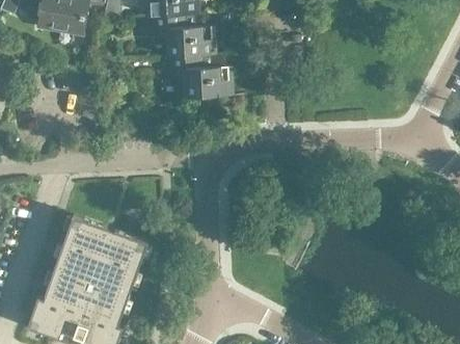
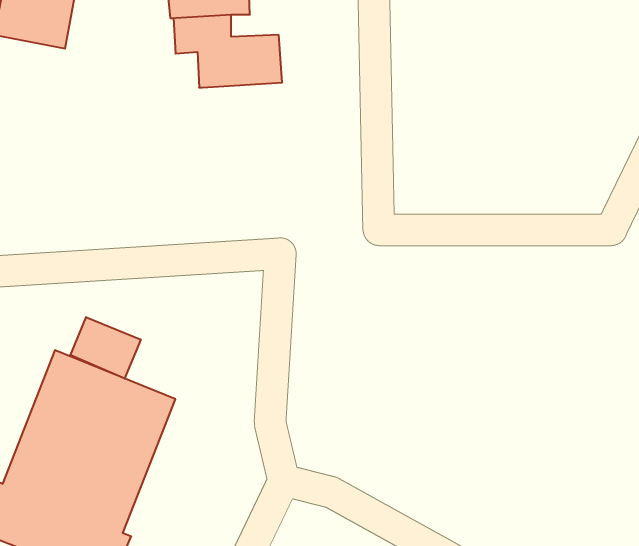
building: [166,54,233,97] -> none
building: none -> [71,317,141,379]

